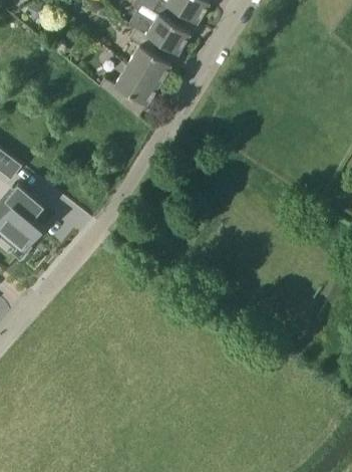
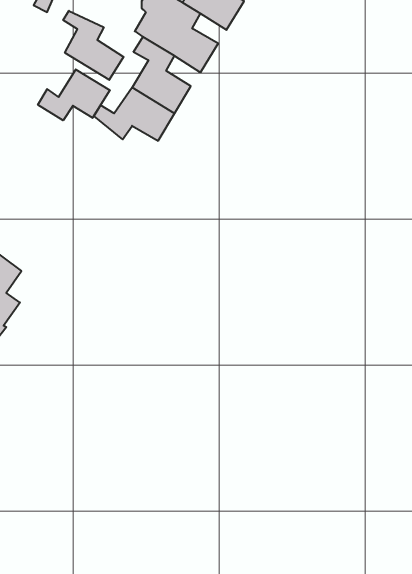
building: none -> [63,11,124,80]
building: none -> [38,69,110,120]

